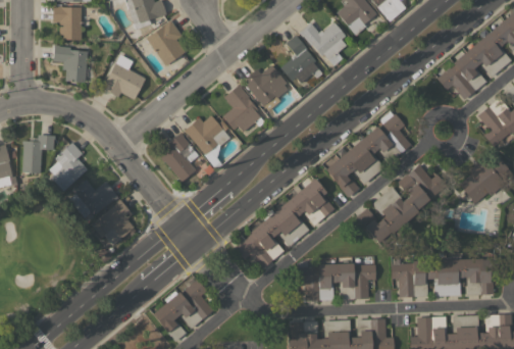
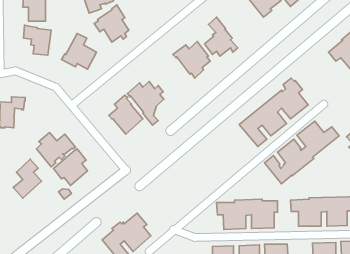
building: [299,22,346,66] -> none
building: [222,84,260,133] -> none
building: [51,142,87,191] -> [13,159,42,198]
building: [235,180,335,269] -> none

